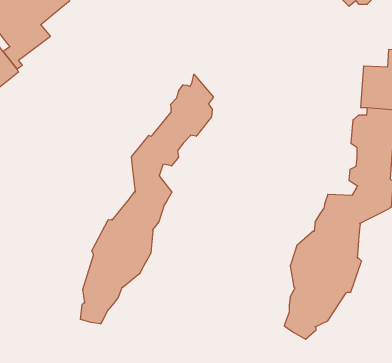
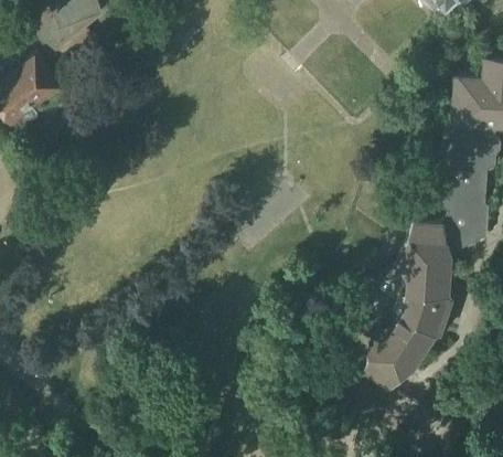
building: [81,74,213,324] -> none

